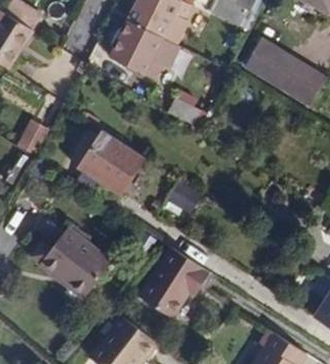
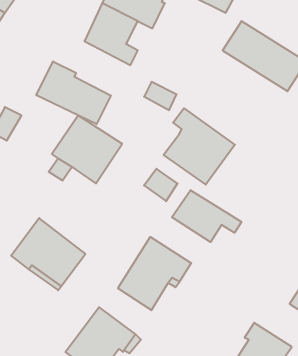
building: none -> [36,61,111,124]
building: none -> [164,108,235,185]
building: none -> [172,190,241,242]

